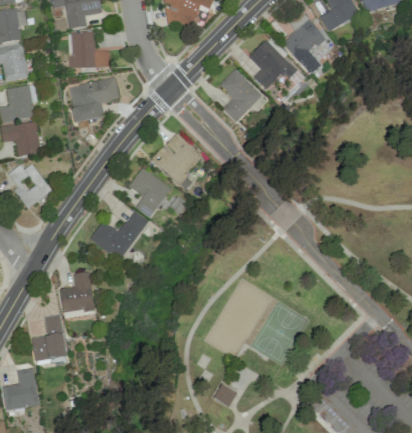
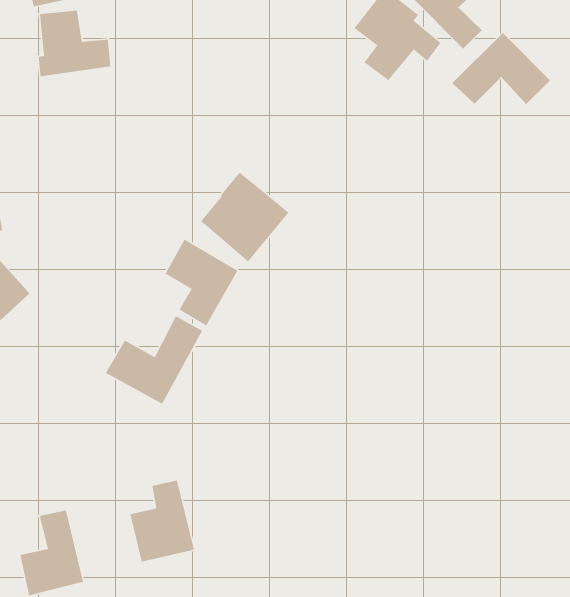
building: none -> [452,32,551,105]
building: [218,68,261,122] -> none
building: [68,77,118,122] -> none
building: [59,271,94,316] -> [129,479,195,562]

